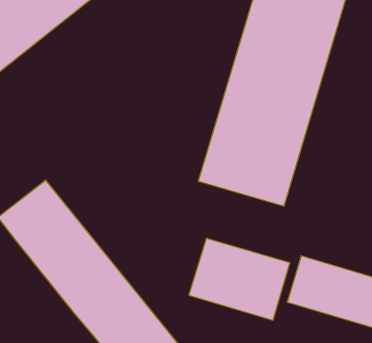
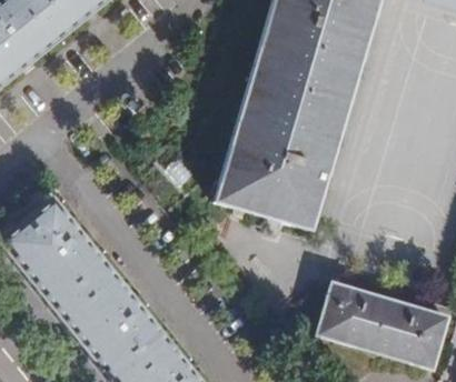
building: [189,238,290,320] -> none

